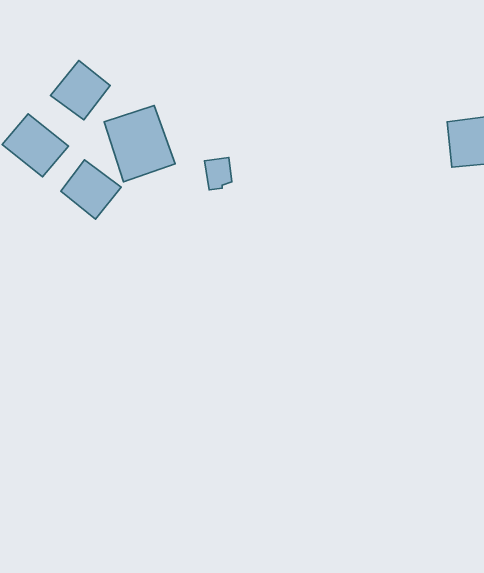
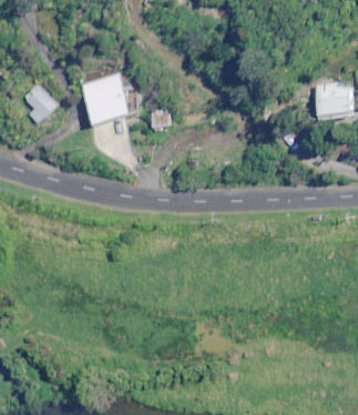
building: [51,61,110,120] -> none
building: [61,160,121,219] -> none

